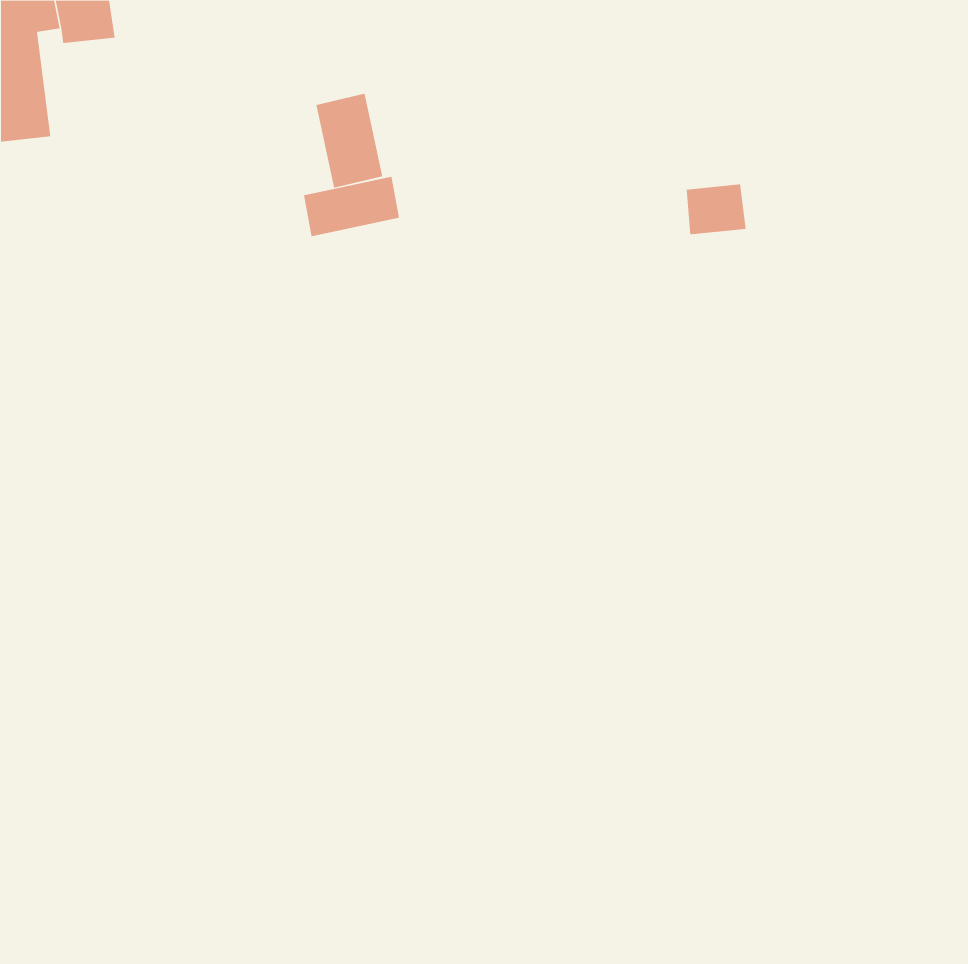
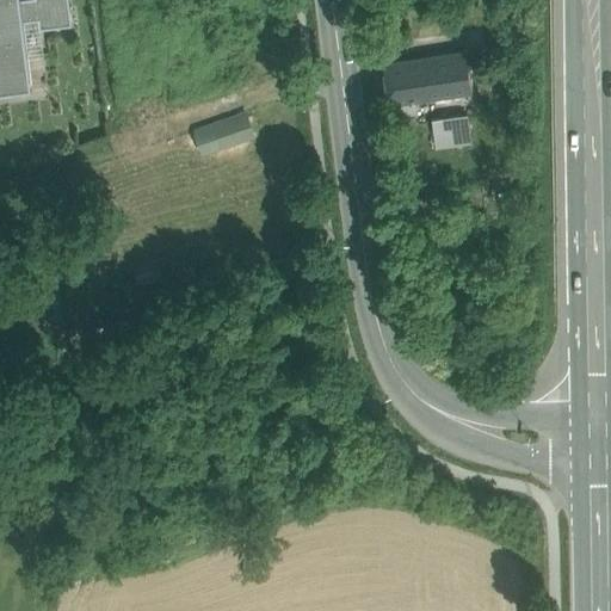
building: none -> [383,55,473,121]
building: [316,93,383,189] -> none

